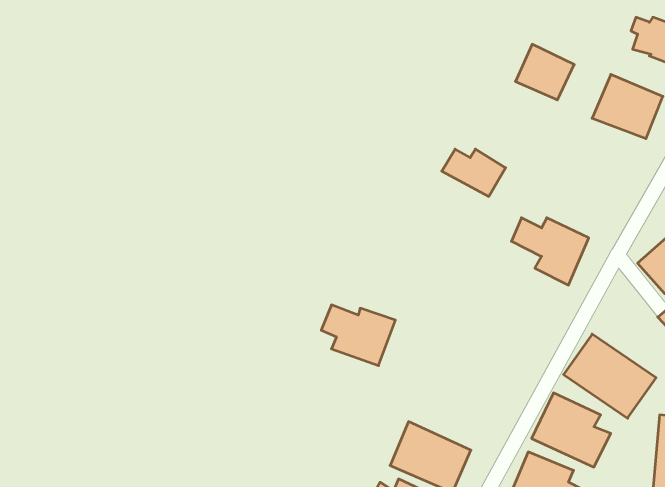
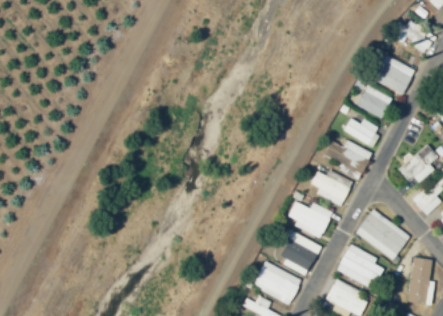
building: [515,44,574,100] -> [357,86,392,119]
building: [442,149,506,196] -> [343,119,381,147]
building: none -> [310,171,352,206]
building: [321,305,395,366] -> [288,202,332,238]
building: none -> [278,232,323,276]

